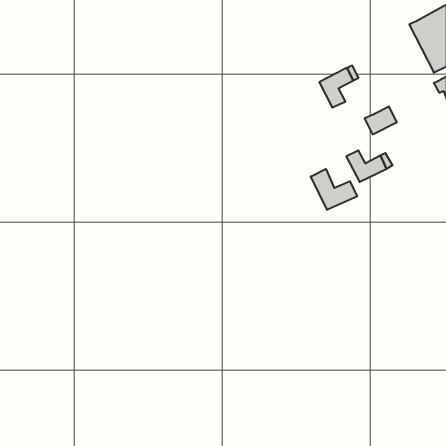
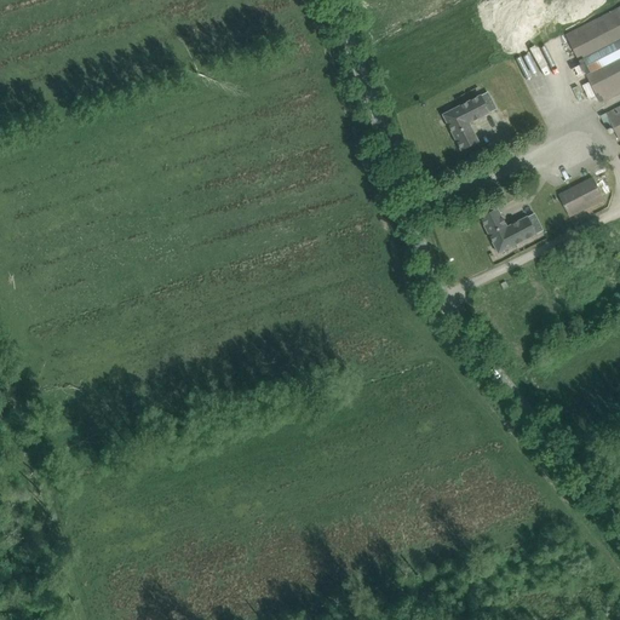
building: [365,106,397,134] -> [561,177,605,216]
building: [311,169,357,210] -> none

